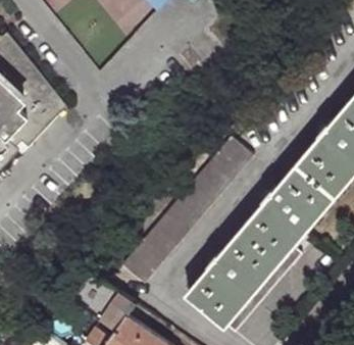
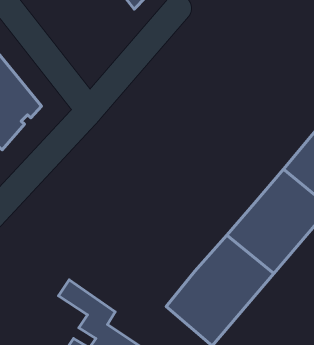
building: [123,139,253,285] -> none

